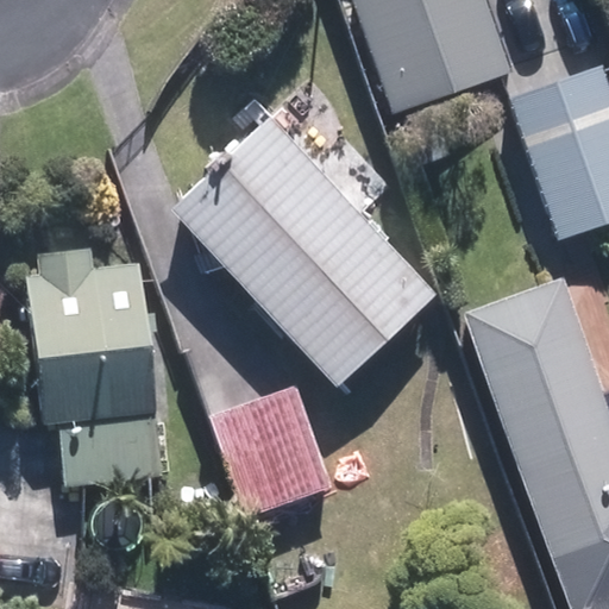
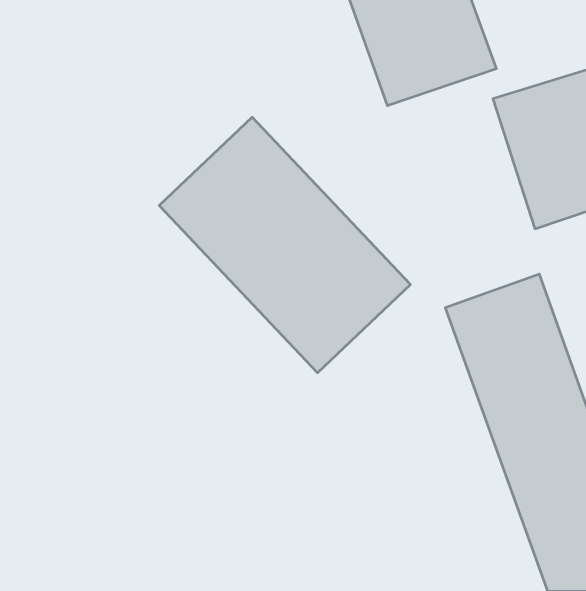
building: [29,249,164,484] -> none
building: [214,387,327,509] -> none

